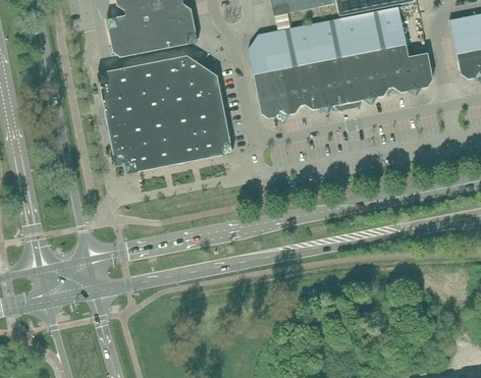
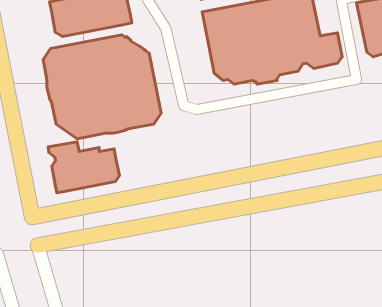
building: [248,29,300,117] -> none
building: none -> [48,142,120,193]

